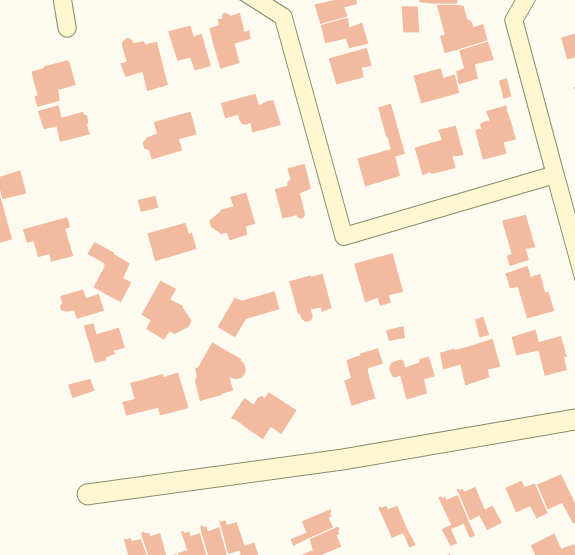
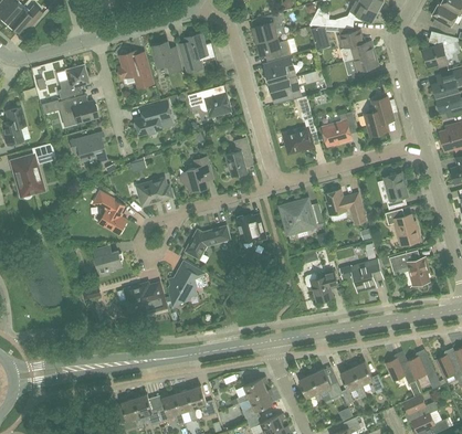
building: [412,68,460,104] -> [267,77,301,103]
building: [22,216,74,263] -> [69,131,105,163]
building: none -> [325,189,365,223]
building: [140,280,192,341] -> none
building: [59,289,105,320] -> none
building: [343,348,384,406] -> none
building: [230,391,297,441] -> none
building: none -> [308,368,342,399]

